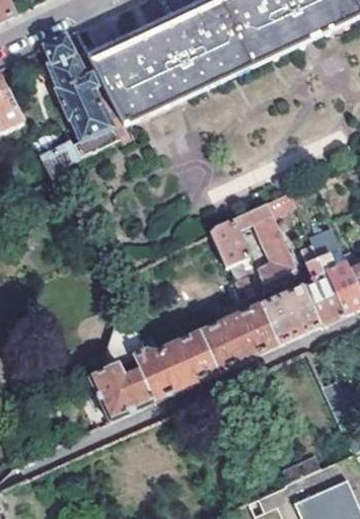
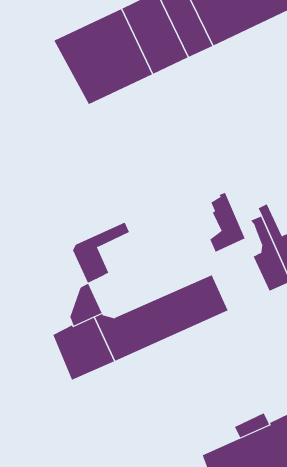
building: [41,33,119,175] -> none
building: [210,202,272,268] -> [72,222,130,283]
building: [260,287,320,345] -> none

